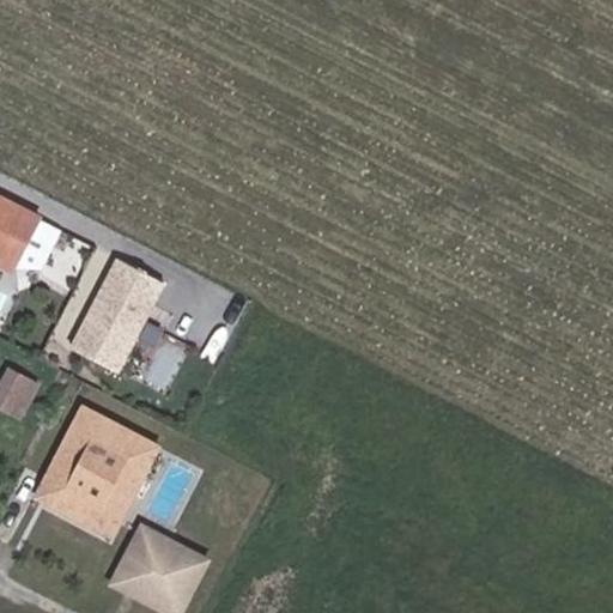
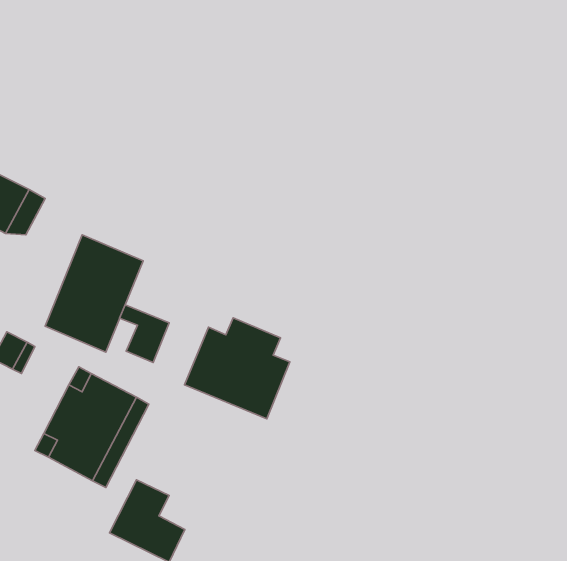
building: none -> [185,318,290,419]

